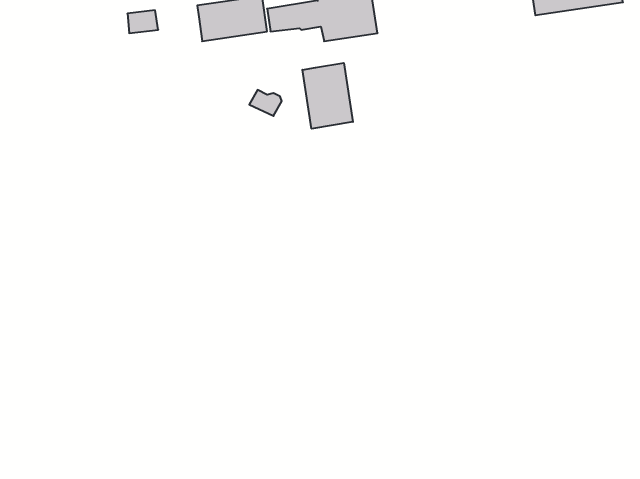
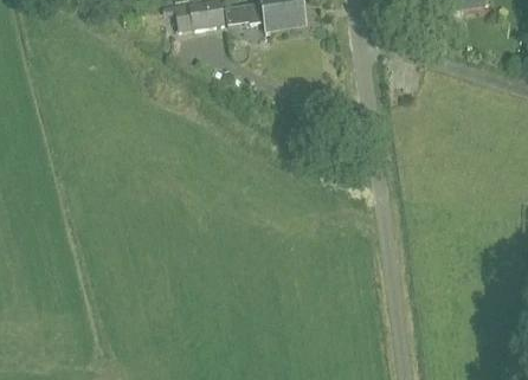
building: [302,63,353,129] -> none

